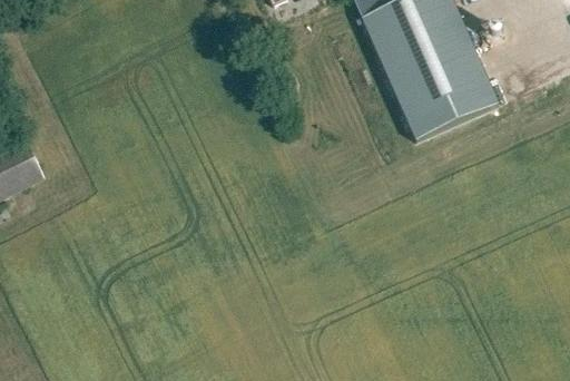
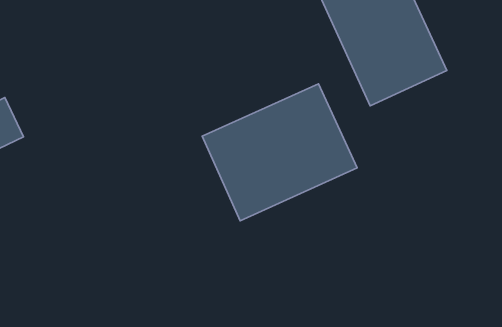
building: none -> [202,84,357,221]

